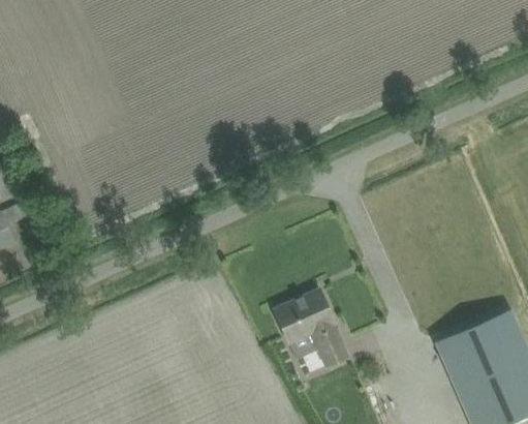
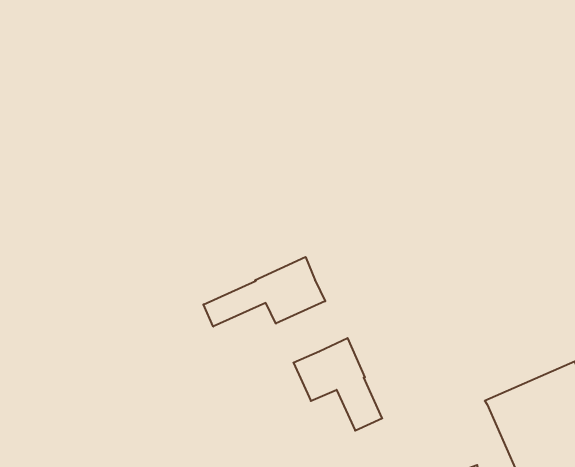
building: none -> [203,257,325,327]

